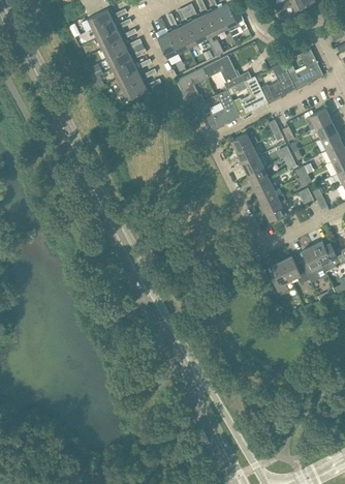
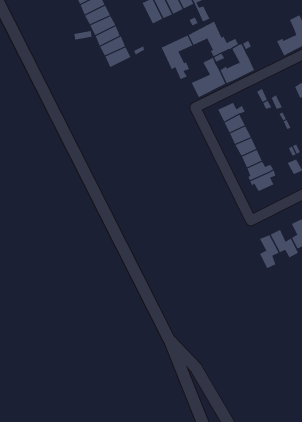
building: [260,63,294,102] -> none

